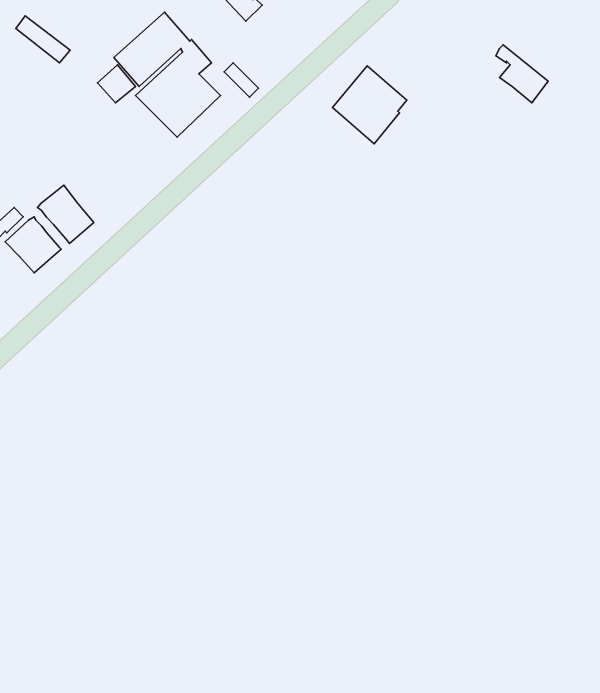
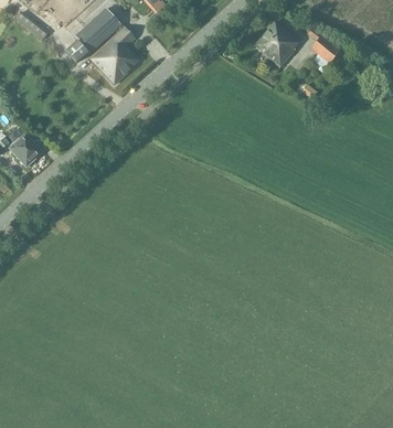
building: [333,66,407,144] -> [255,20,300,67]
building: [37,185,94,243] -> none

